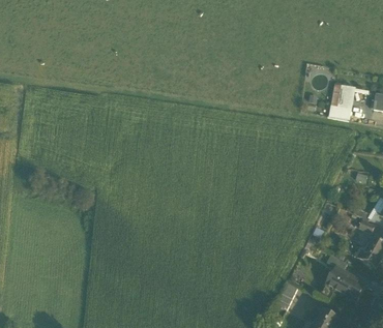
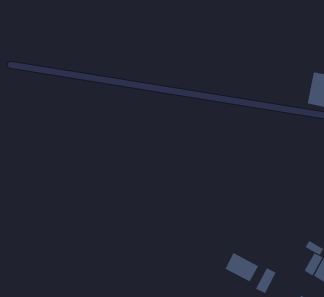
building: none -> [225,252,259,282]

